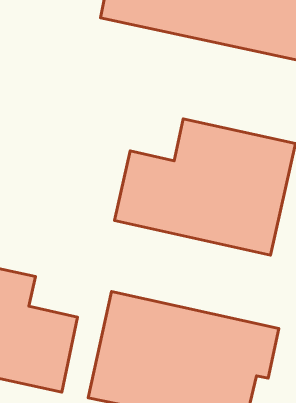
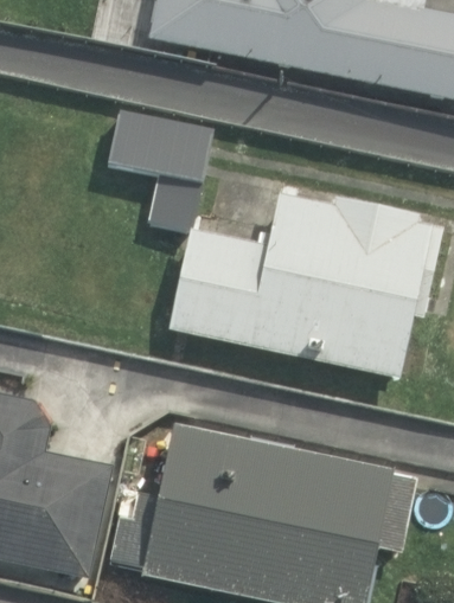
building: none -> [101,109,218,230]

